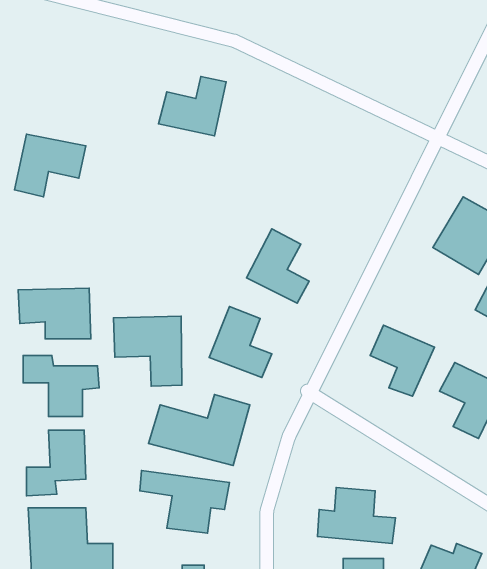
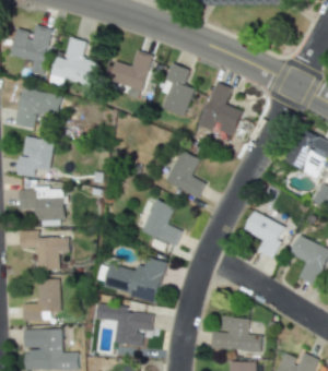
building: none -> [11,25,51,75]
building: none -> [48,37,96,89]
building: none -> [161,63,195,117]
building: none -> [201,82,242,135]
building: none -> [17,137,54,178]
building: [114,316,182,386] -> none

